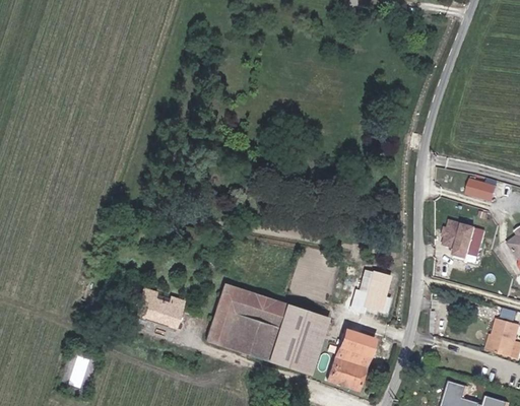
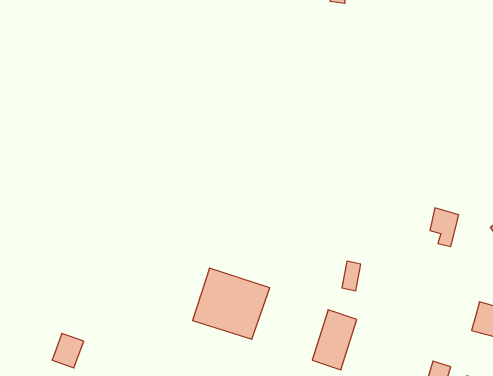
building: [471,182,501,204] -> none
building: [128,284,183,329] -> none
building: [268,306,329,373] -> none

